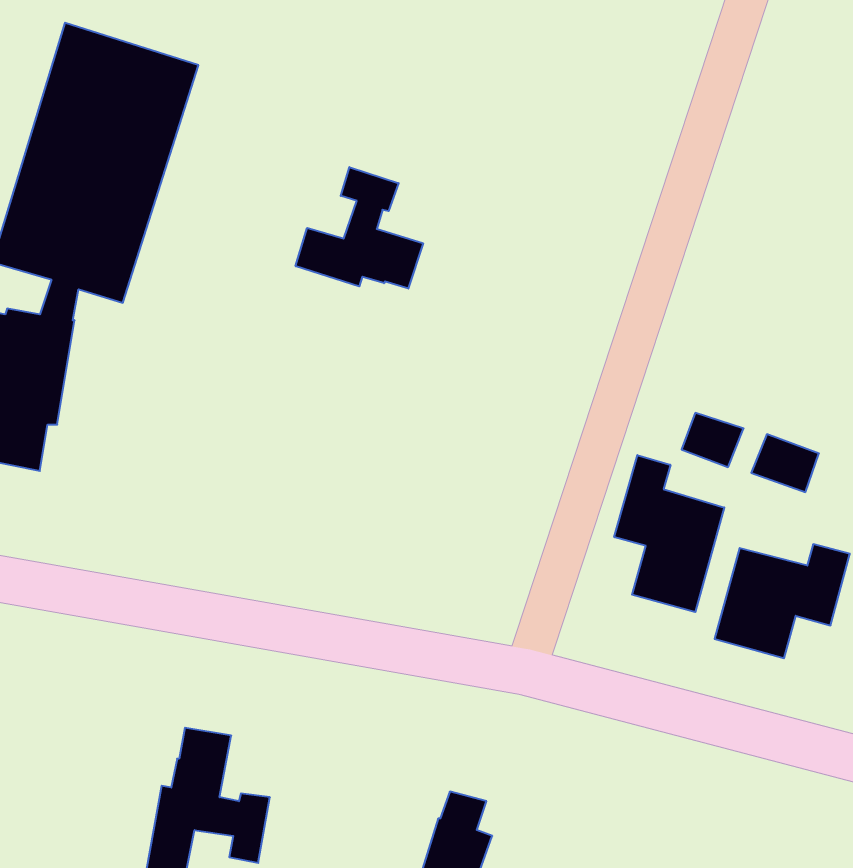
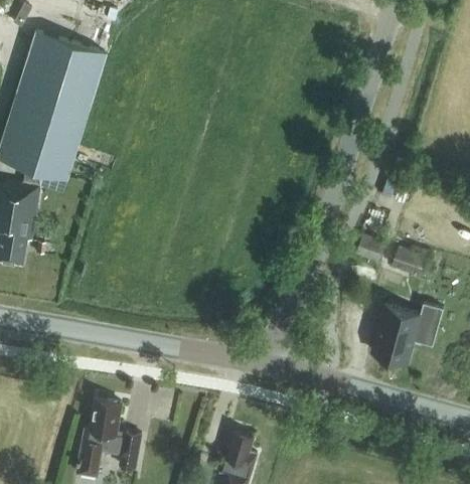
building: [296,167,423,289] -> none
building: [614,455,724,612] -> none

